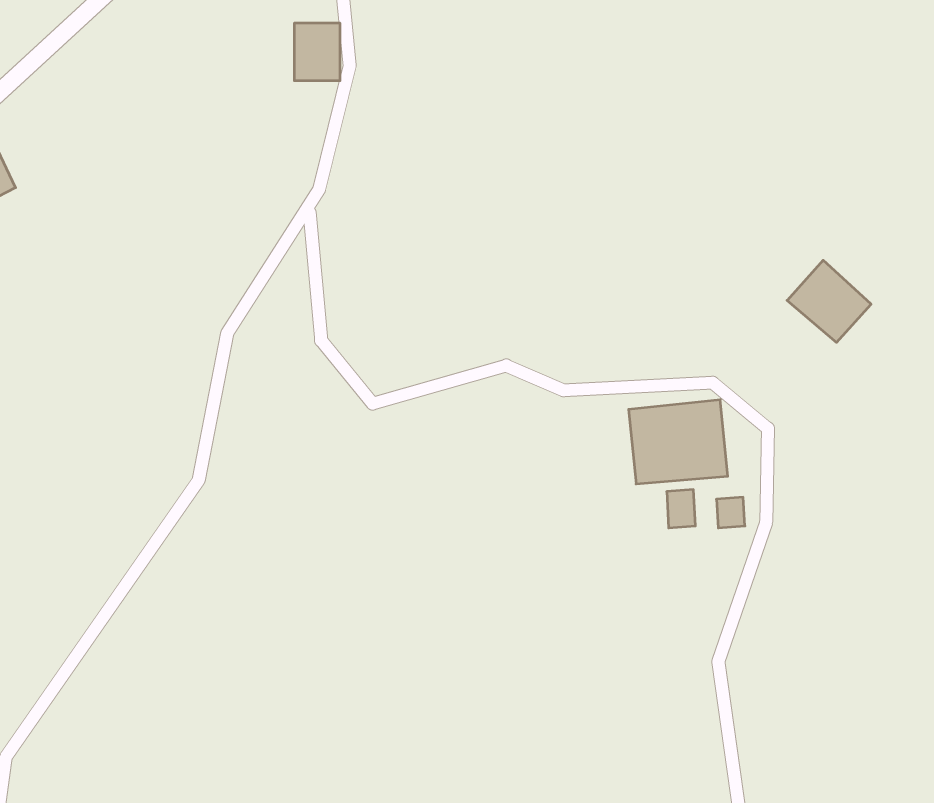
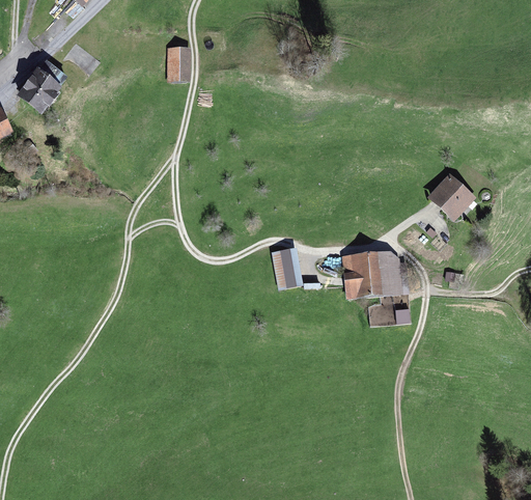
building: none -> [22,73,66,118]
building: none -> [271,245,302,287]

